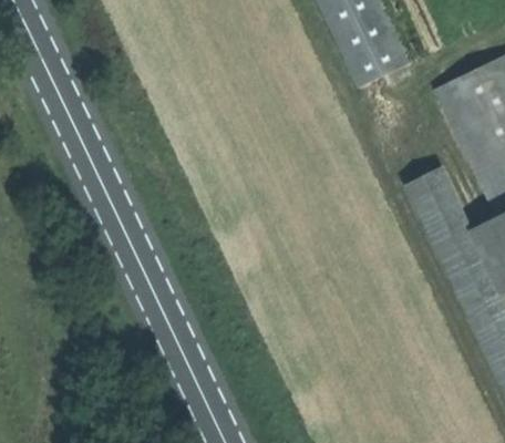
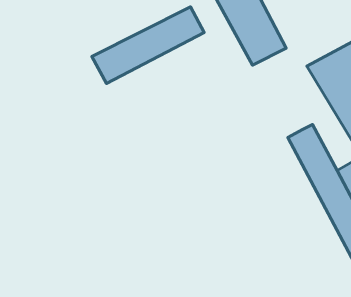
building: none -> [92,7,204,84]

